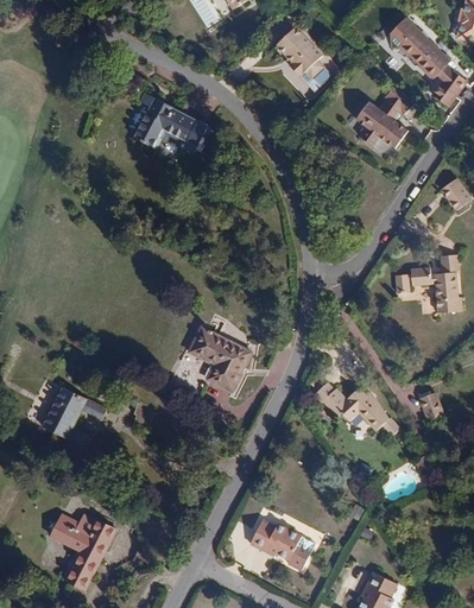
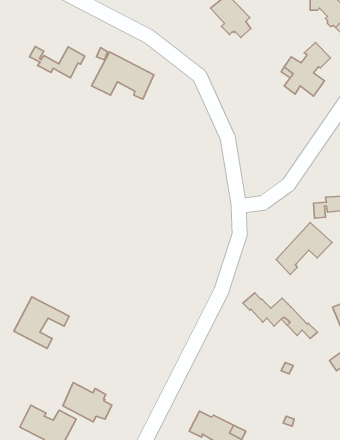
building: none -> [30,46,85,78]
building: none -> [276,223,332,274]
building: [185,323,253,392] -> none
building: none -> [63,383,112,422]

